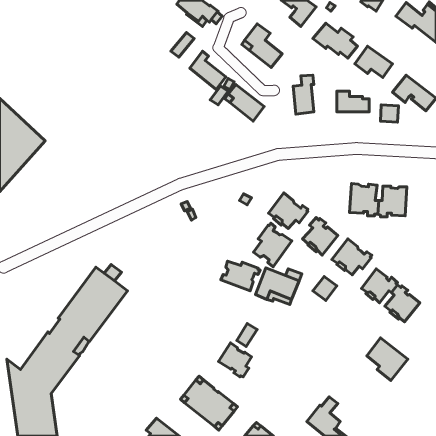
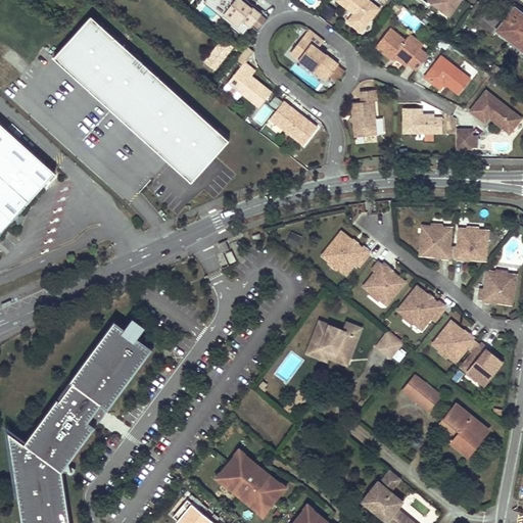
building: none -> [55,17,229,182]
building: [254,223,292,267] -> none
building: none -> [479,272,515,303]
building: [221,261,260,291] -> none
building: none -> [401,377,438,412]
building: [219,343,252,377] -> none

